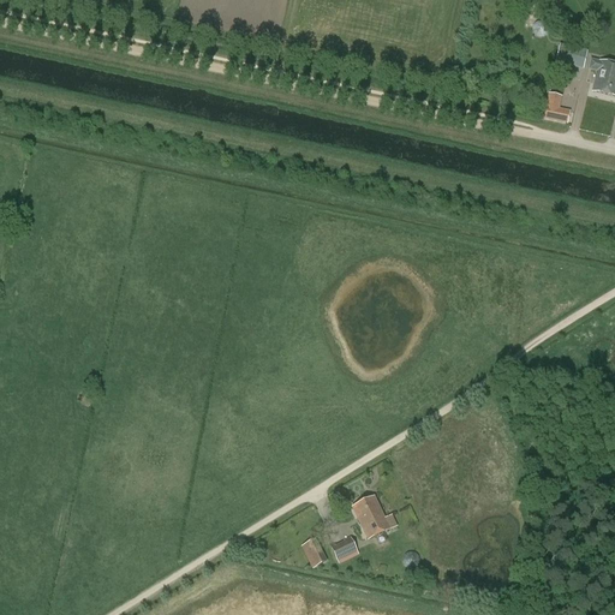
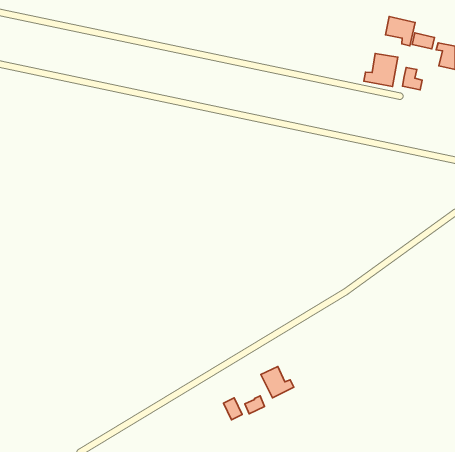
building: none -> [386,17,415,46]
building: none -> [364,54,398,87]

